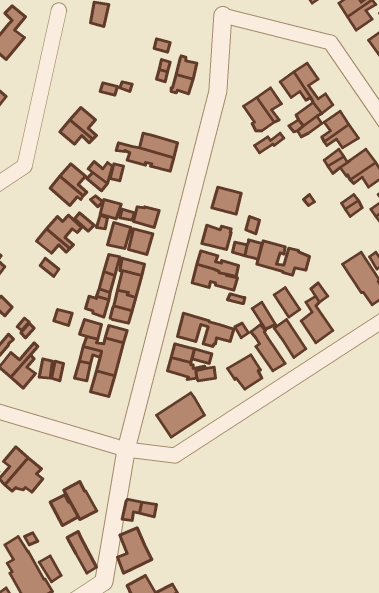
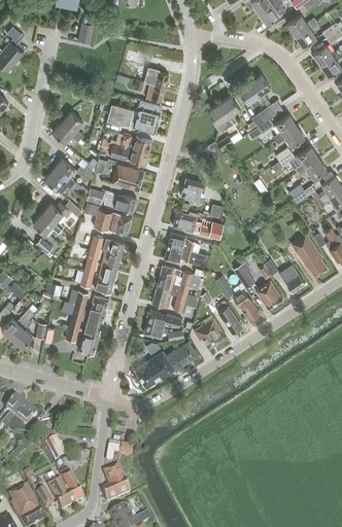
building: none -> [106,100,160,133]
building: none -> [111,164,143,190]
building: [257,241,310,275] -> [157,265,201,293]
building: none -> [278,264,305,292]
building: none -> [166,341,197,370]
building: [64,481,97,519] -> [47,478,75,510]

